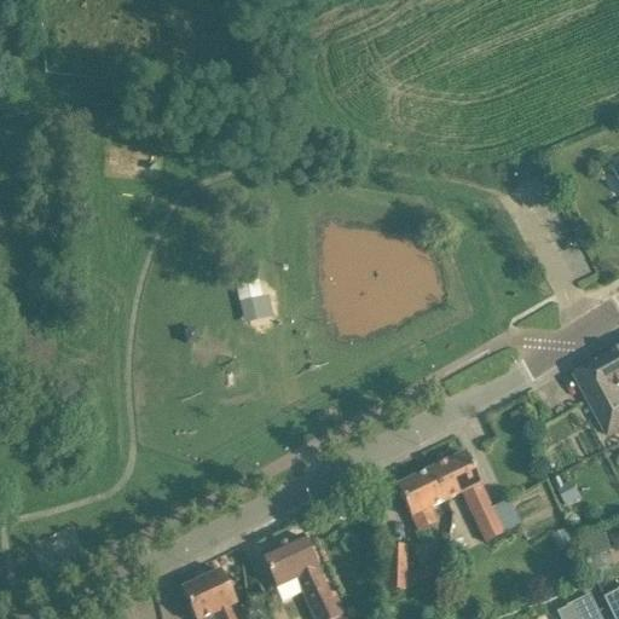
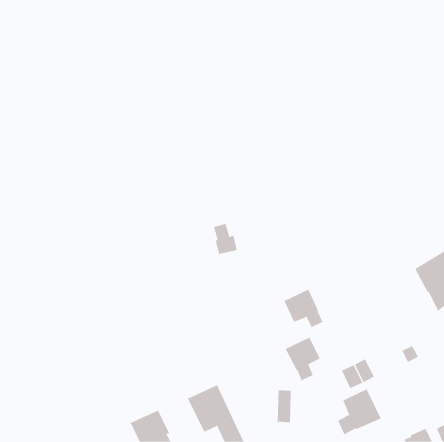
building: [238,278,272,322] -> [213,223,238,255]
building: [432,451,487,505] -> [283,289,323,328]
building: none -> [337,388,381,435]

